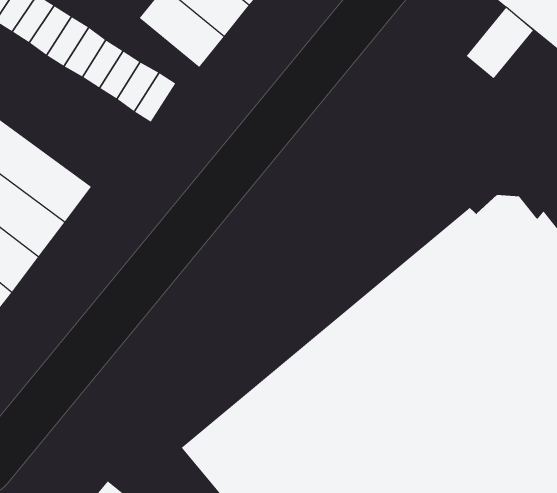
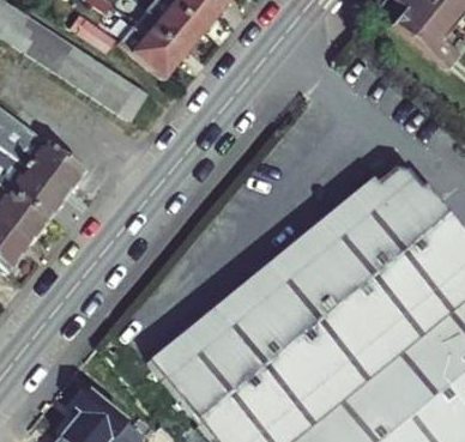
building: [466,7,534,79] -> none

